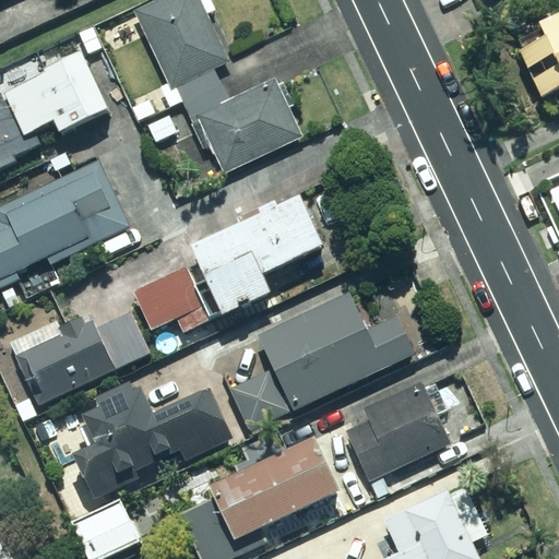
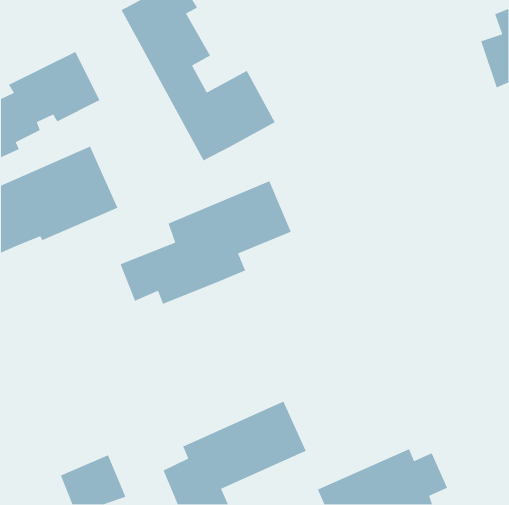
building: [213,272,412,429] -> none
building: [10,310,147,402] -> none
building: [66,383,234,500] -> none
building: [344,383,448,480] -> none

